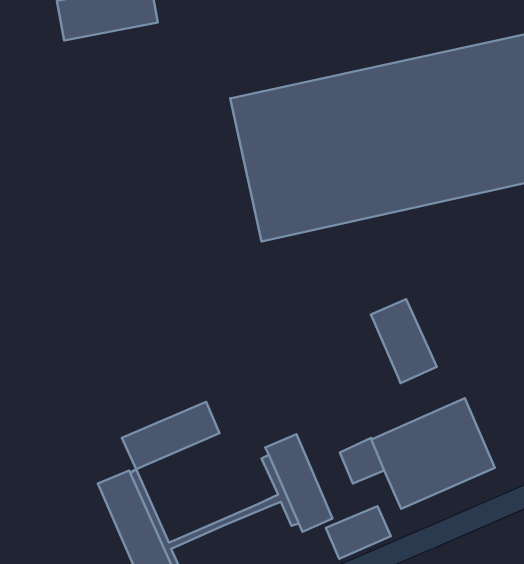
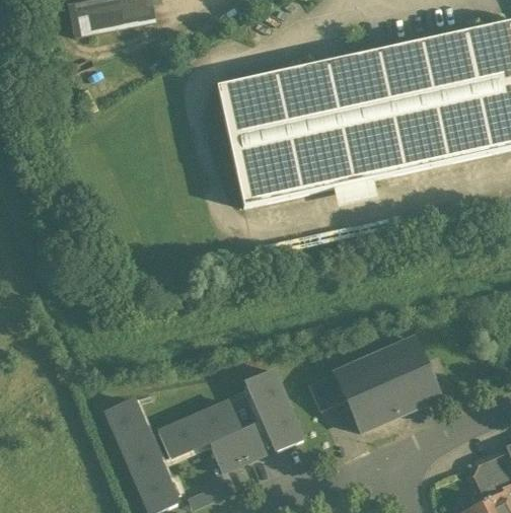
building: [371,299,437,383] -> none
building: [122,402,219,469] -> [158,399,240,456]
building: [326,506,391,559] -> [211,426,266,470]

